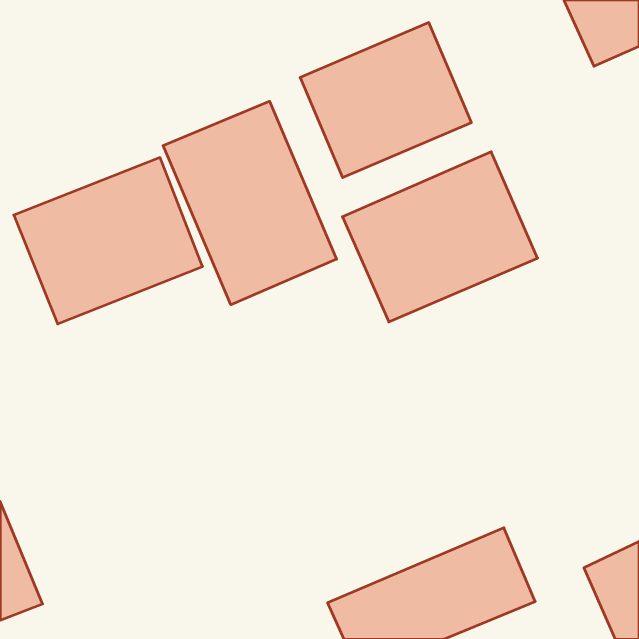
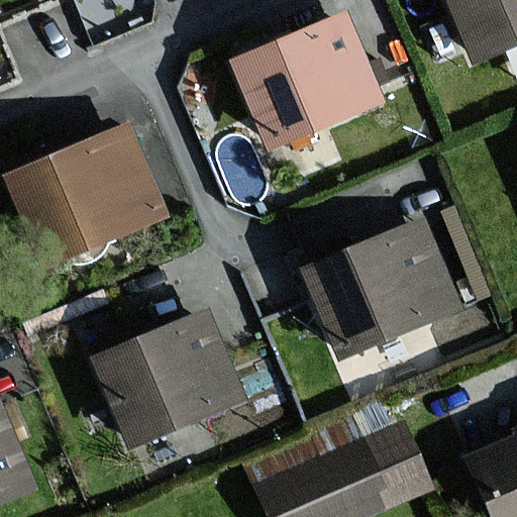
building: [163,101,337,305] -> none
building: [342,152,538,322] -> [303,220,460,357]
building: none -> [98,312,242,441]

